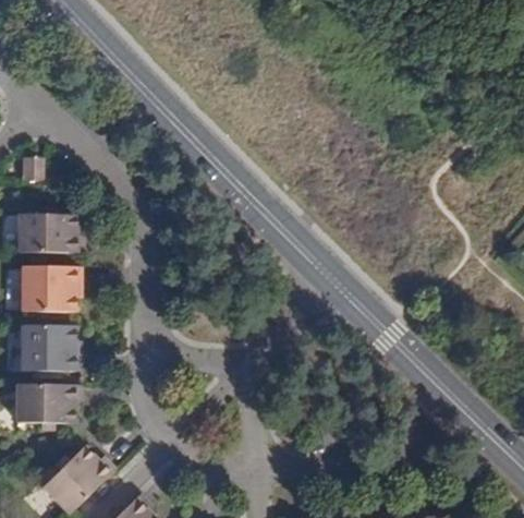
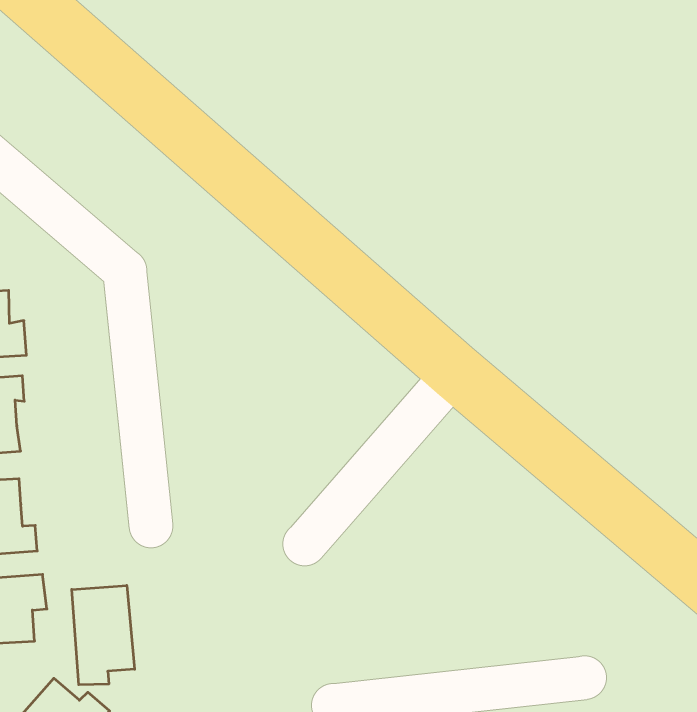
building: none -> [72,585,135,685]

